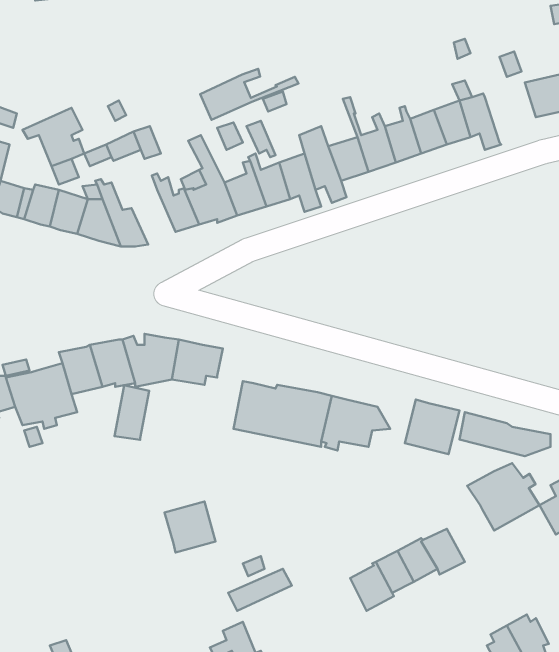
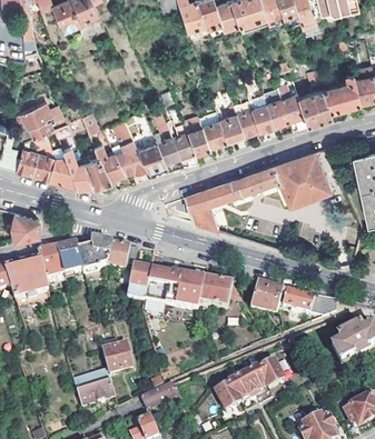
building: [200,69,298,120] -> none
building: none -> [297,88,330,124]
building: none -> [80,153,110,189]
building: none -> [158,153,335,230]
building: none -> [10,212,38,240]
building: [115,385,149,440] -> [128,267,149,300]
building: [467,463,540,530] -> none
building: none -> [75,369,116,406]

